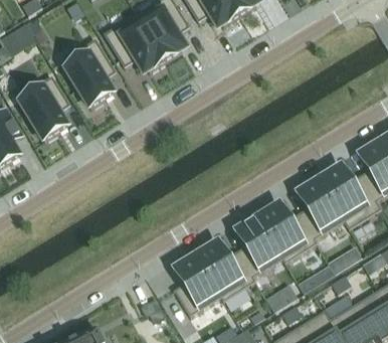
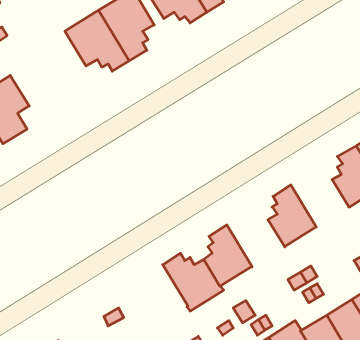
building: [59,37,115,107] -> none
building: [319,169,380,228] -> none
building: [257,207,316,262] -> none
building: [172,255,220,315] -> none

